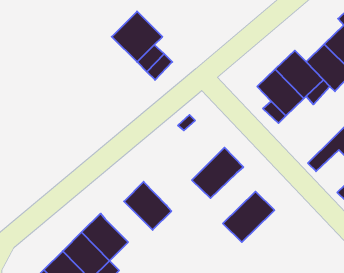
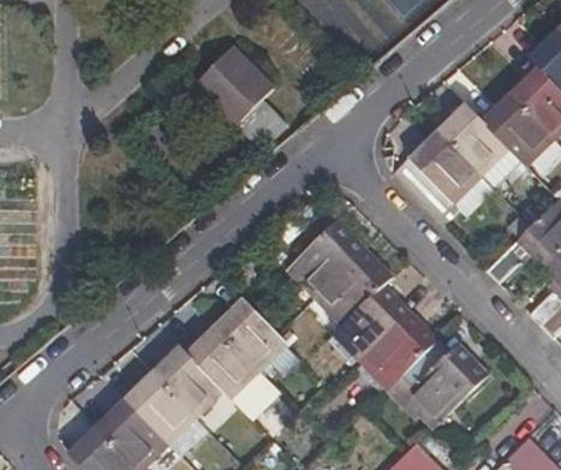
building: none -> [287,221,362,296]
building: none -> [333,285,407,359]
building: none -> [186,327,280,421]
building: none -> [387,344,485,426]

